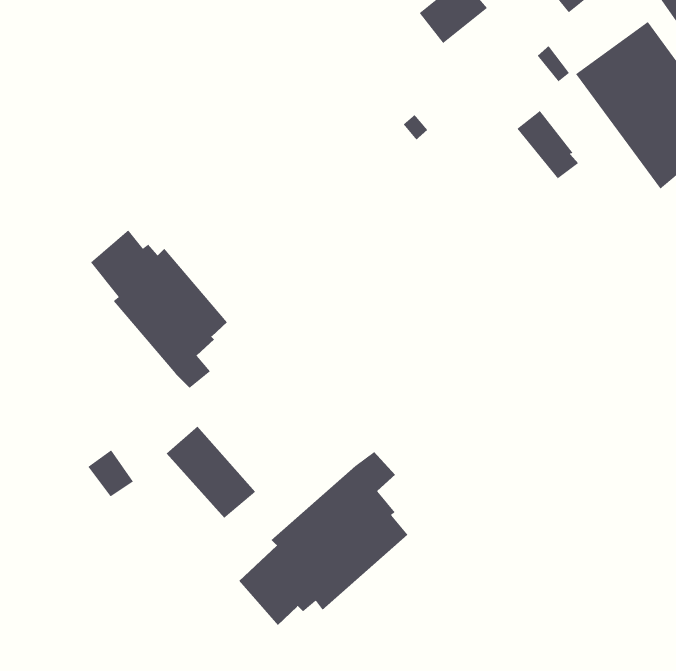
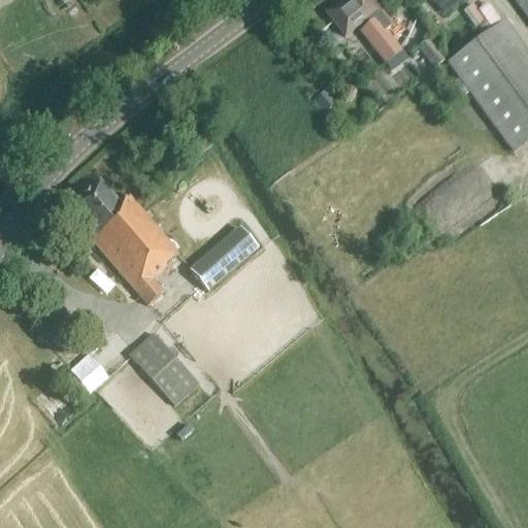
building: [516,110,579,179] -> [359,14,407,68]
building: none -> [191,225,259,289]
building: [238,451,408,626] -> none

